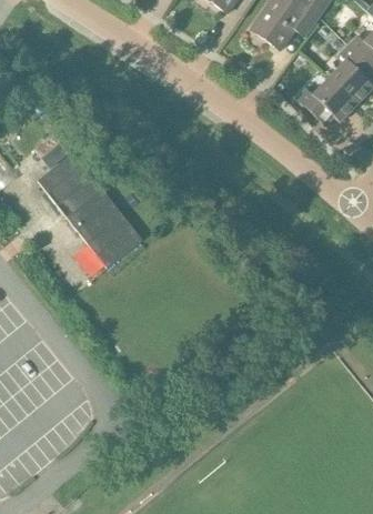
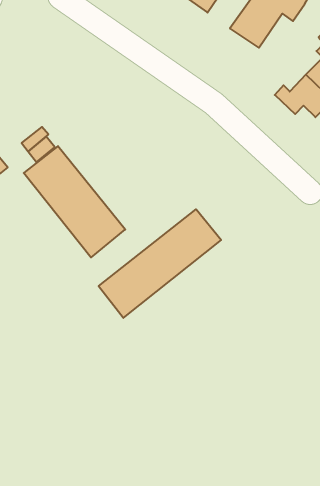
building: none -> [99,209,221,318]

